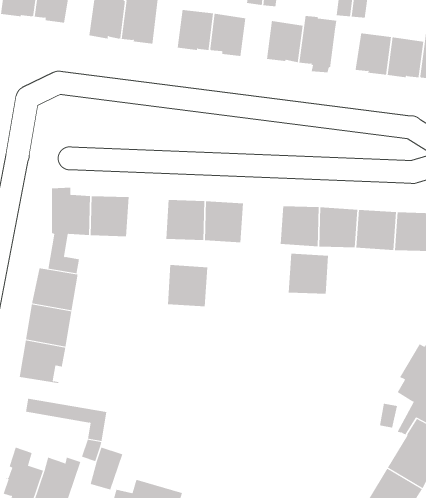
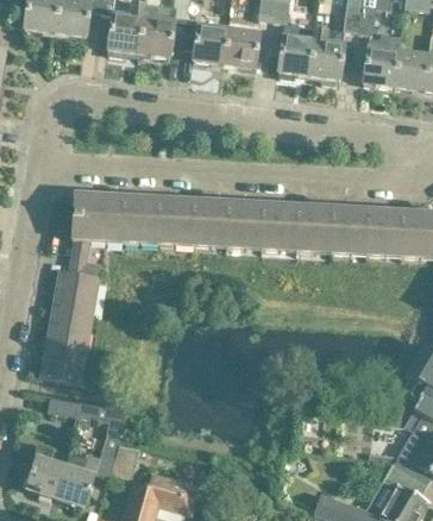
building: [288,253,329,294] -> [255,209,294,249]
building: [167,265,208,307] -> [145,203,184,244]

